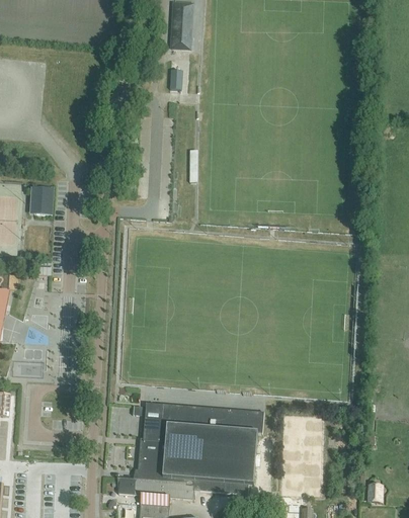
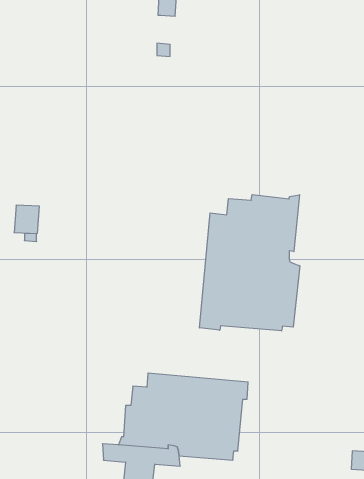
building: [29,184,55,212] -> [14,205,39,233]
building: none -> [200,195,300,331]

